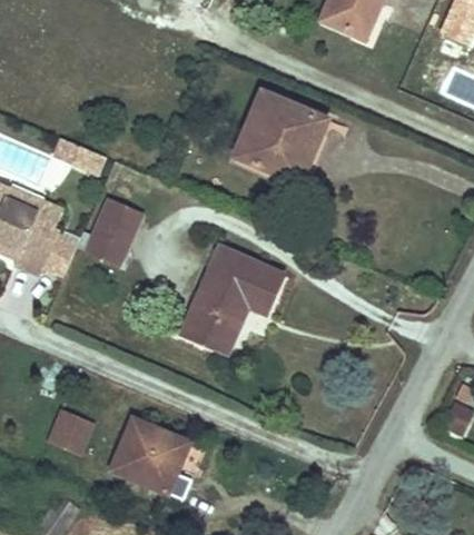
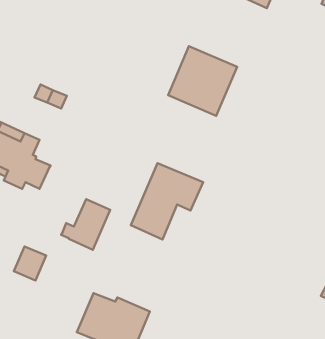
building: [75,202,140,270] -> [61,199,110,250]
building: [46,409,89,455] -> [14,246,46,280]

